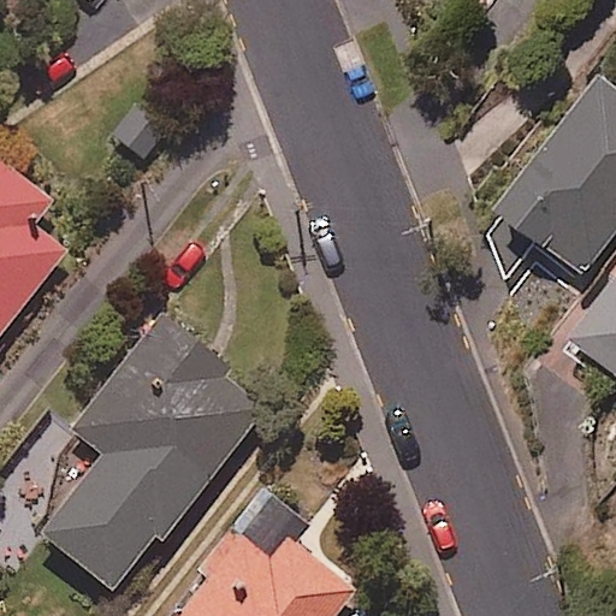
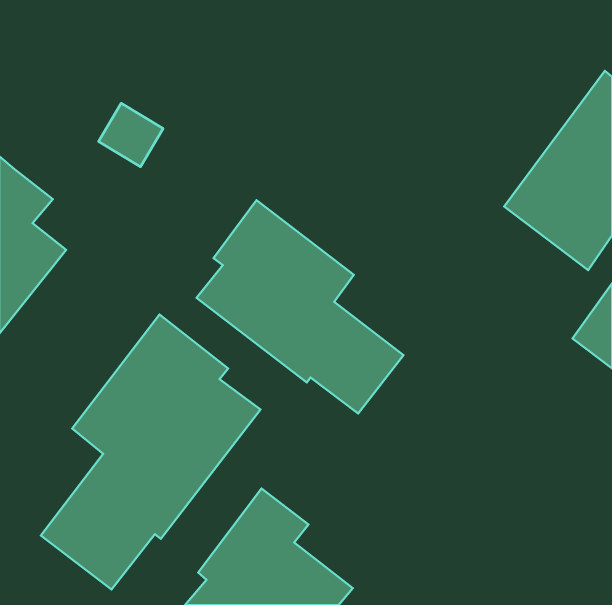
building: none -> [196,200,403,414]

